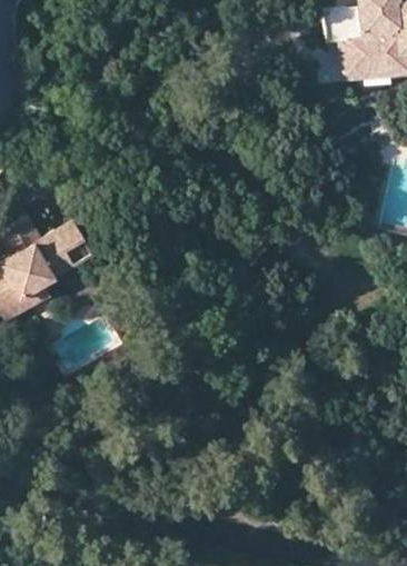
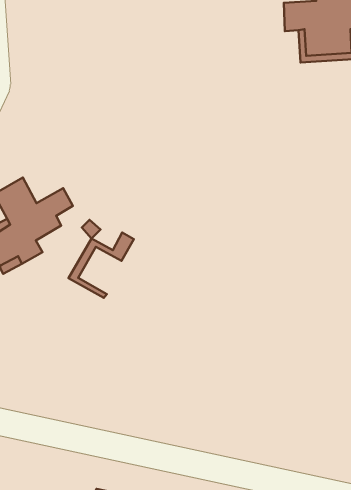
building: none -> [69,232,134,298]

